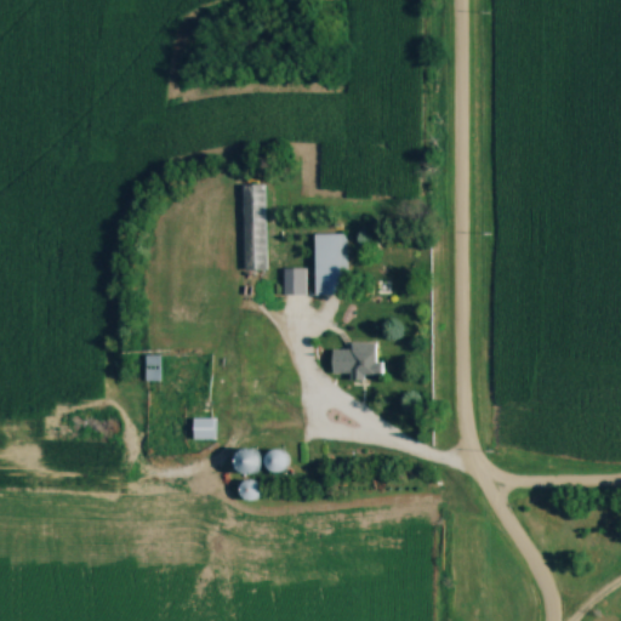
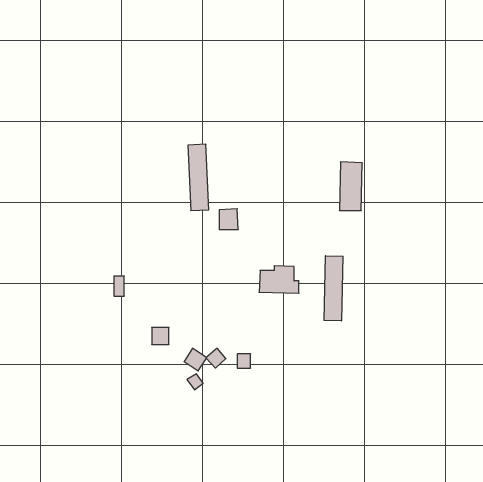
building: [315,234,344,296] -> [339,162,362,210]
building: none -> [324,256,343,321]

